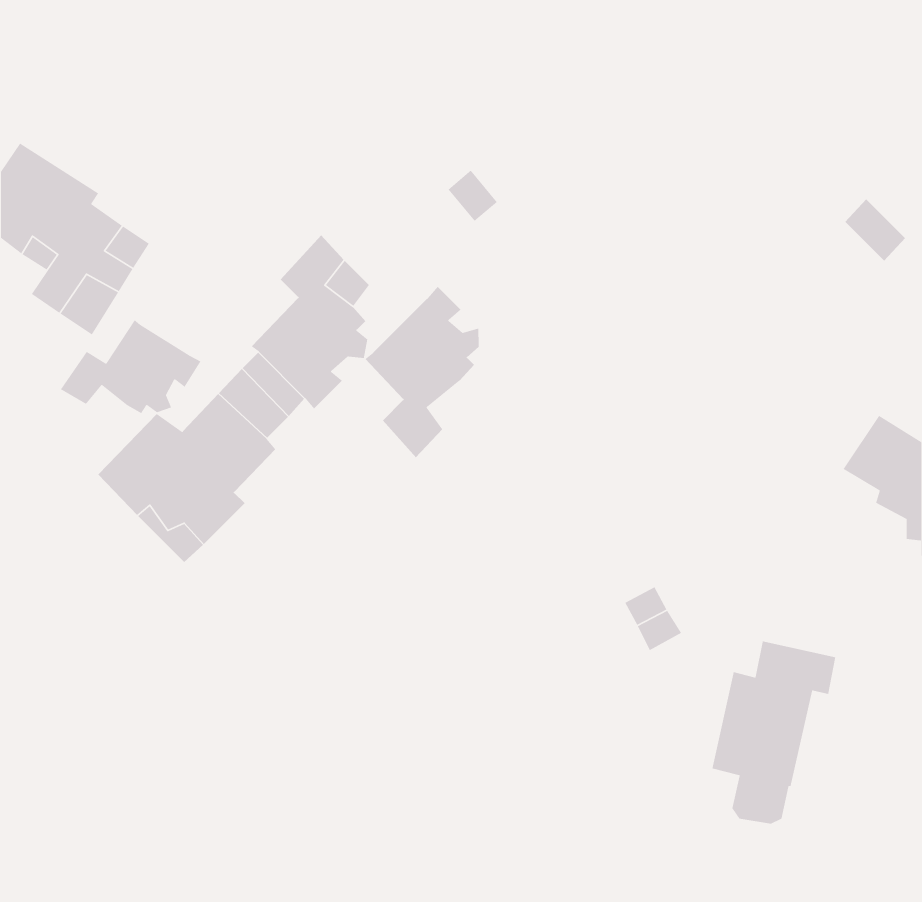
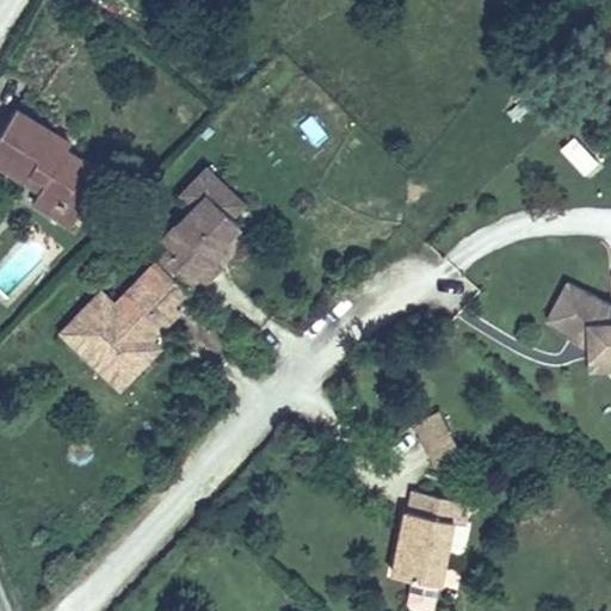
building: [364,286,480,458] -> none
building: [60,319,201,414] -> none
building: [712,641,836,825] -> [384,482,467,604]

